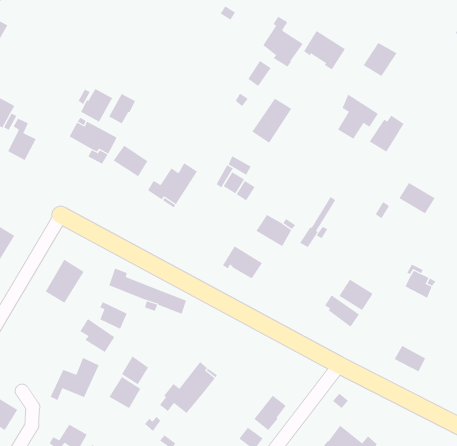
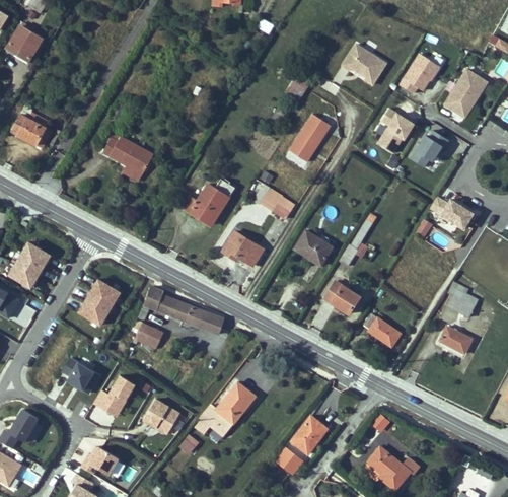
building: [262,16,304,67] -> none
building: none -> [440,68,488,120]
building: [80,88,113,122] -> none
building: [108,93,136,124] -> none
building: [7,118,36,161] -> none
building: [113,145,148,177] -> none
building: [222,245,263,279] -> [222,230,264,265]
building: [339,279,373,311] -> [324,281,360,313]
building: [79,318,115,353] -> [56,354,92,389]
building: [394,345,426,372] -> [439,326,471,353]
building: [121,356,149,385] -> none

